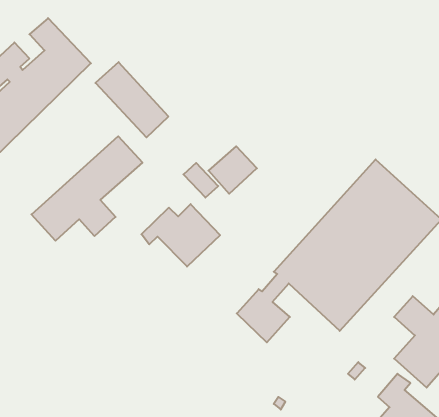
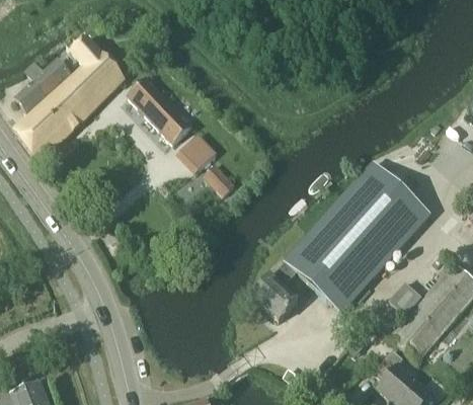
building: [31,136,142,241] -> none
building: [208,146,257,194] -> [174,135,217,176]
building: [141,204,220,267] -> none

